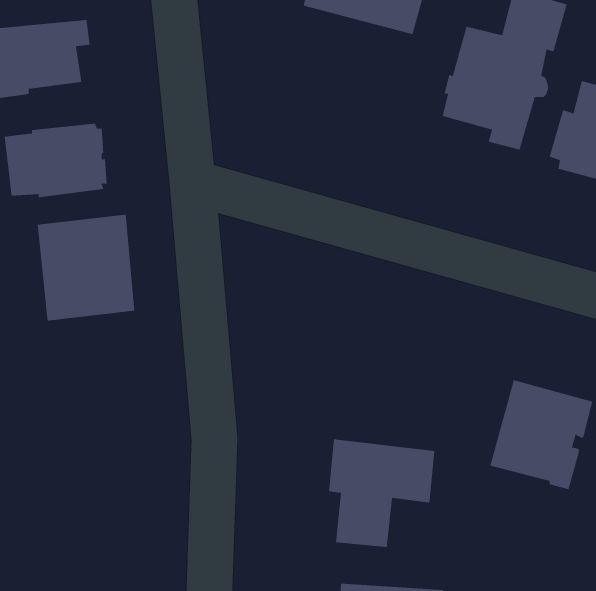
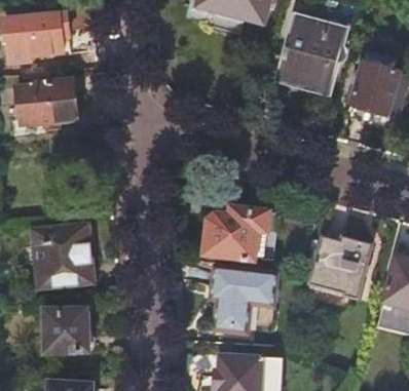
building: [37,214,135,321] -> [31,225,90,289]
building: none -> [200,207,267,263]
building: none -> [43,309,86,353]

